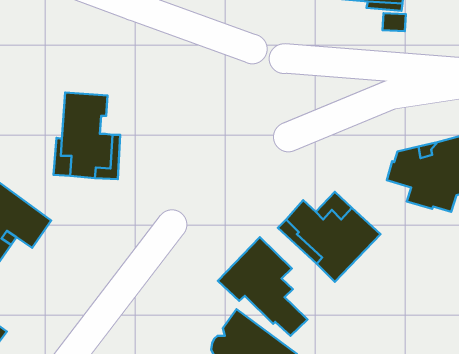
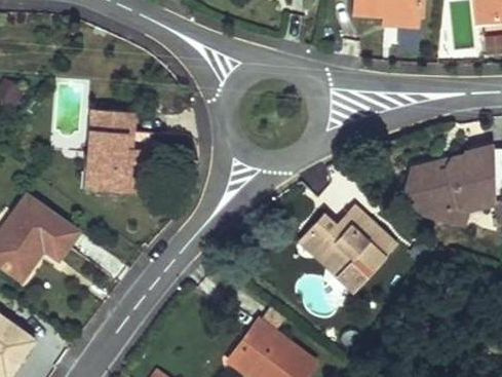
building: [218,237,307,336] -> none

